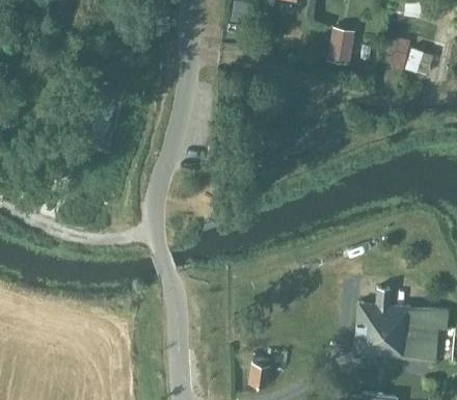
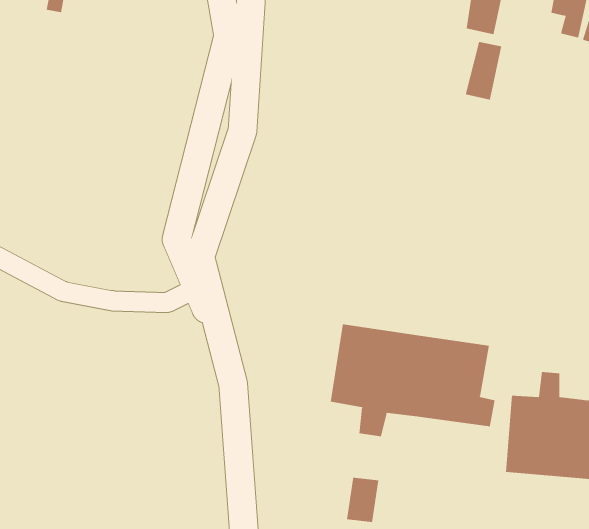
building: none -> [465,41,502,101]
building: none -> [330,323,495,437]

